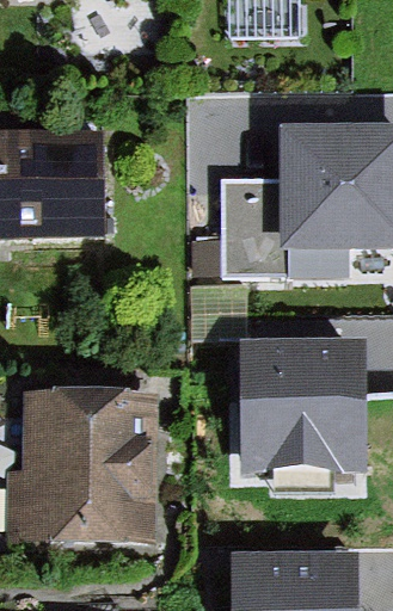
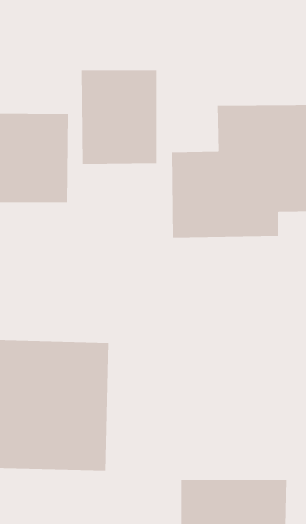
building: none -> [81,69,157,165]
building: [240,340,369,467] -> none

